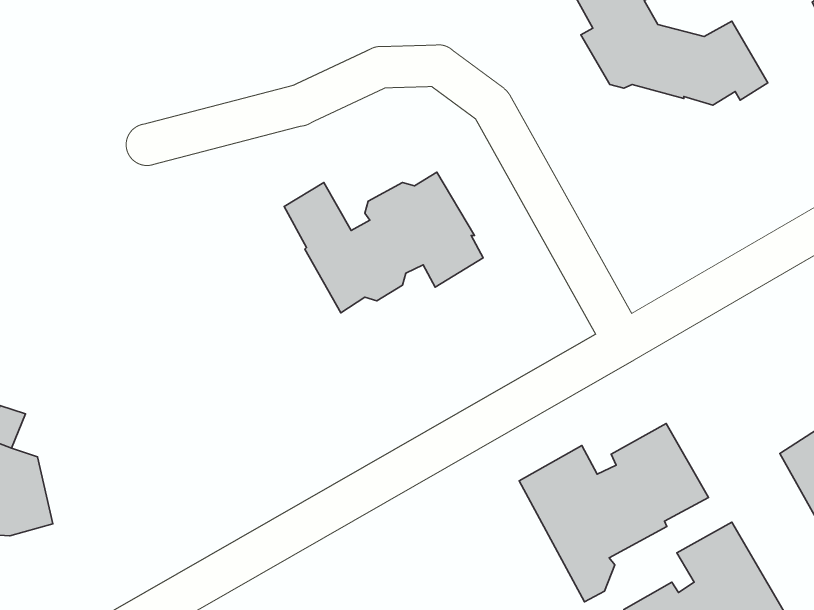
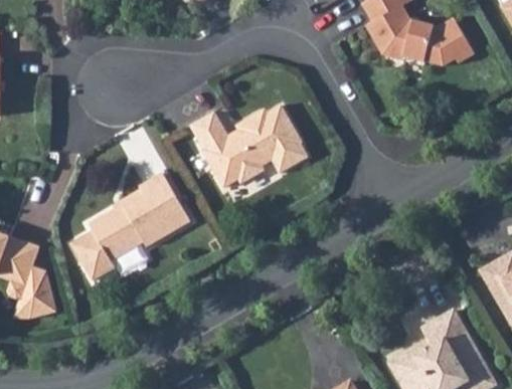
building: none -> [71,173,191,280]
building: [519,424,708,602] -> none

